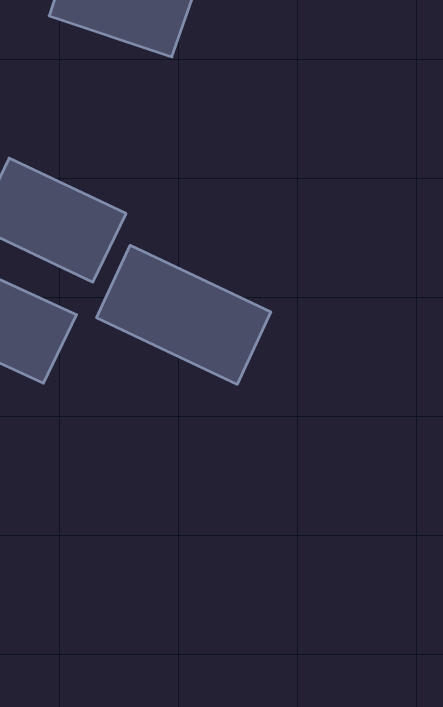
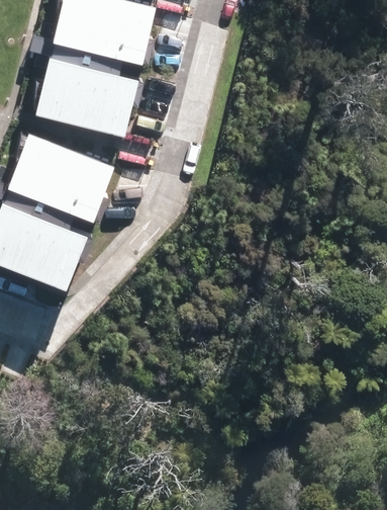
building: none -> [37,60,135,131]
building: [97,245,271,384] -> none

